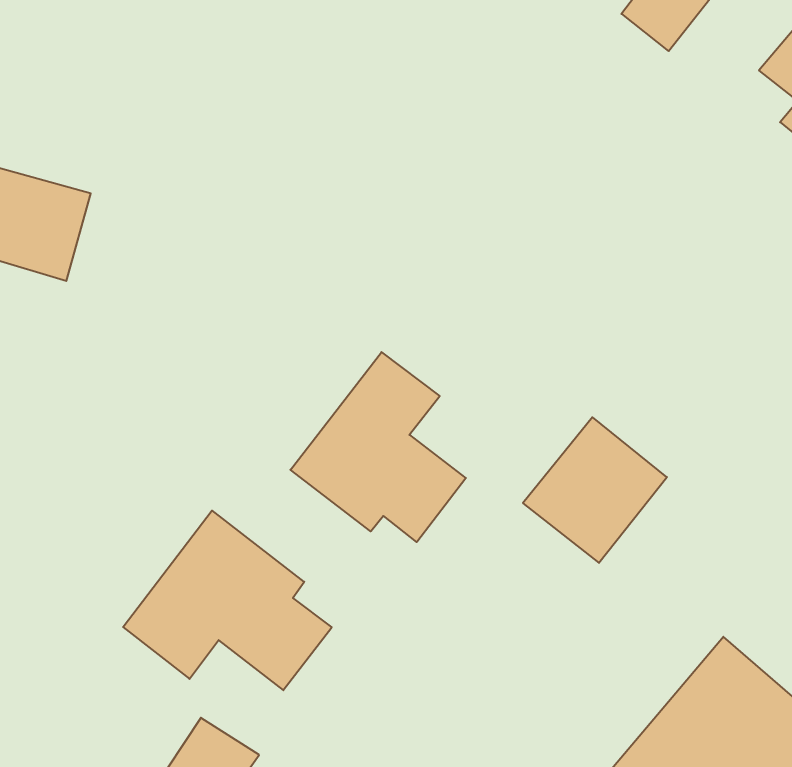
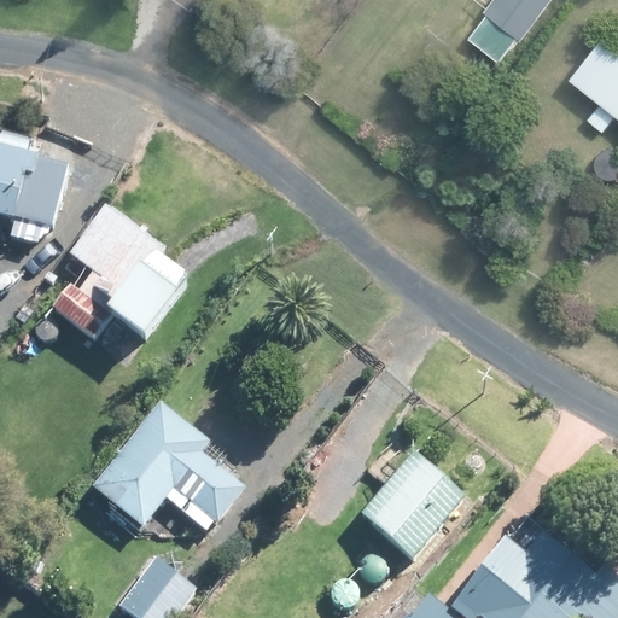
building: none -> [49,204,192,346]
building: [290,352,466,542] -> none
building: [523,417,667,563] -> [360,451,467,560]

